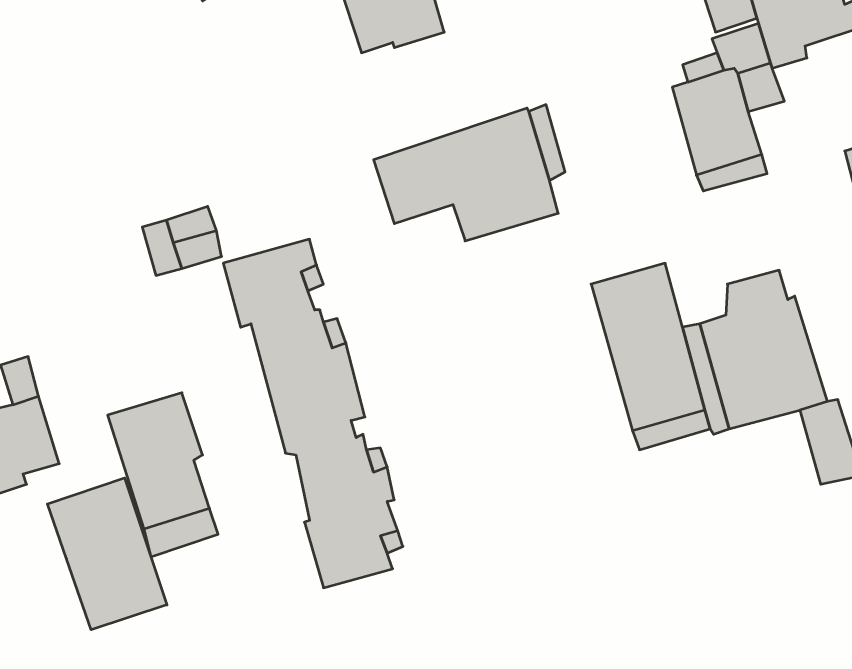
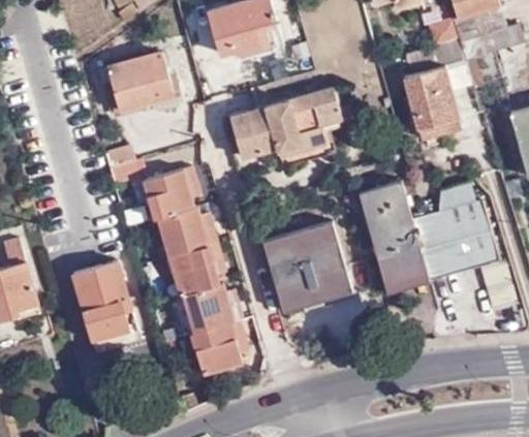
building: none -> [105,49,170,106]
building: none -> [262,220,351,310]
building: [47,478,167,630] -> none

